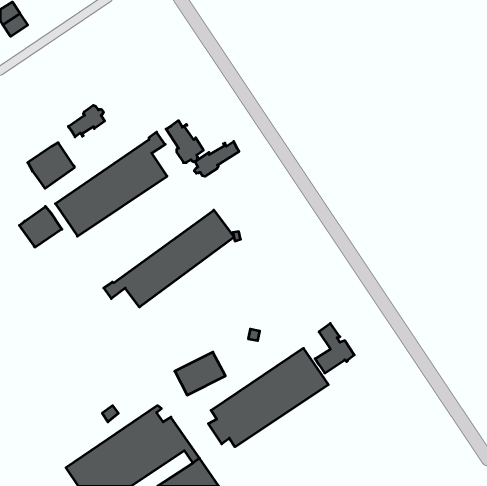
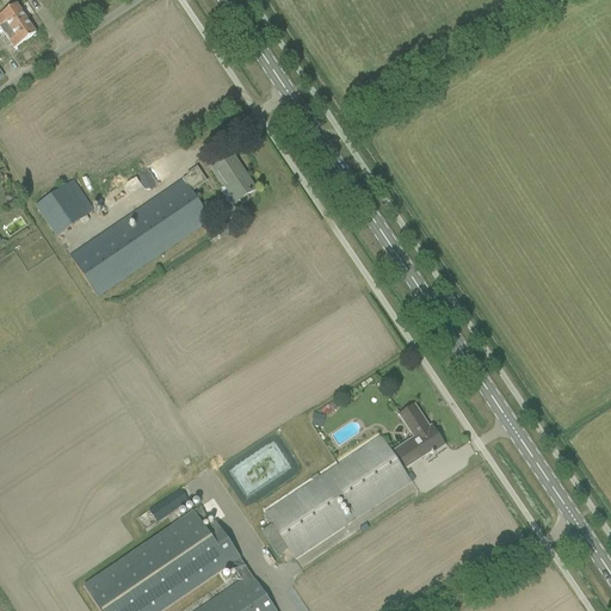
building: [68,105,105,137] -> none
building: [194,141,239,176] -> none
building: [19,206,62,247] -> none
building: [104,210,234,307] -> none

